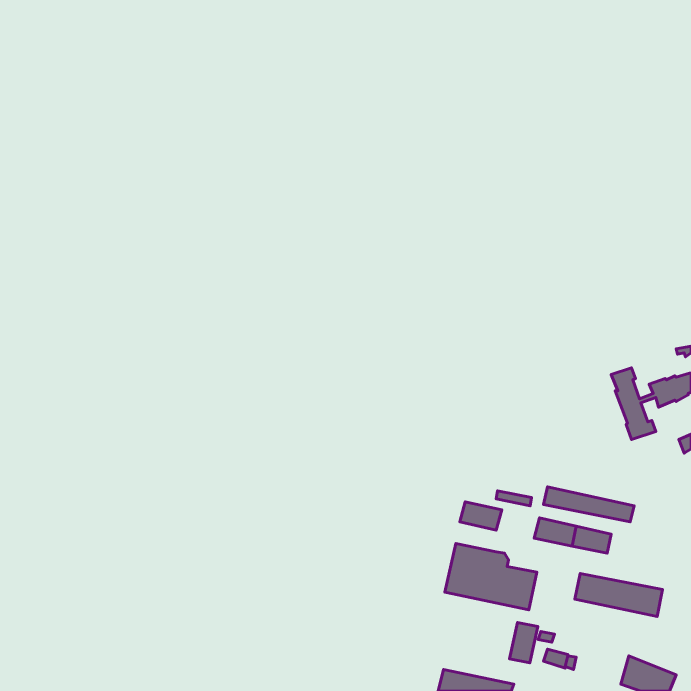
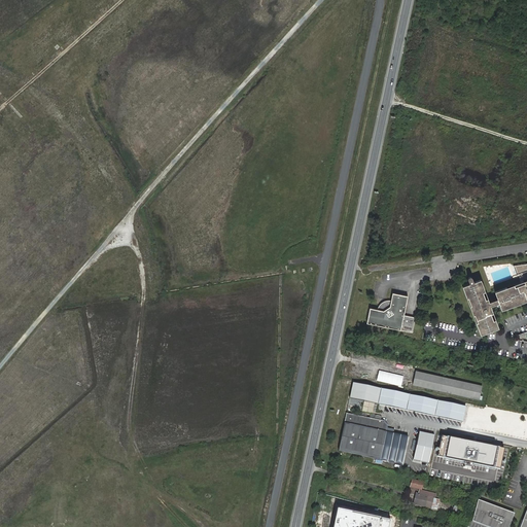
building: none -> [367,293,416,332]
building: none -> [378,388,411,410]
building: [509,622,538,663] -> [414,431,435,462]

